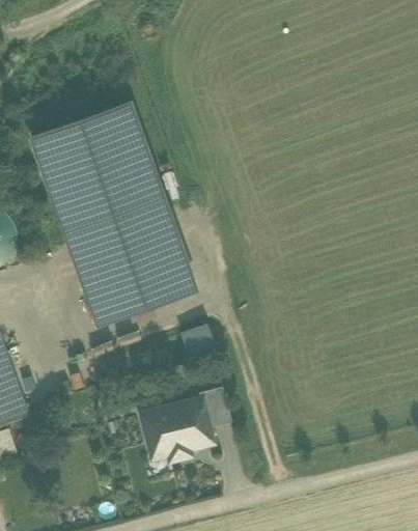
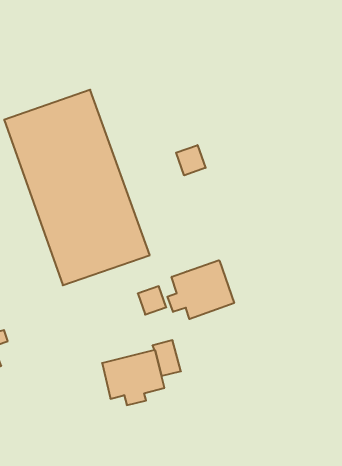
building: none -> [176,145,206,175]
building: none -> [167,260,234,319]

